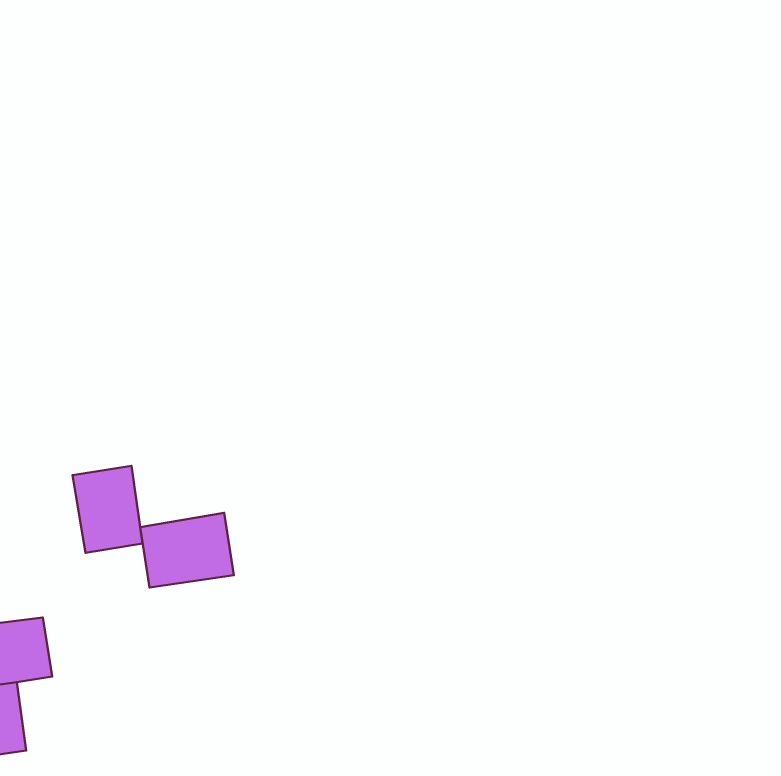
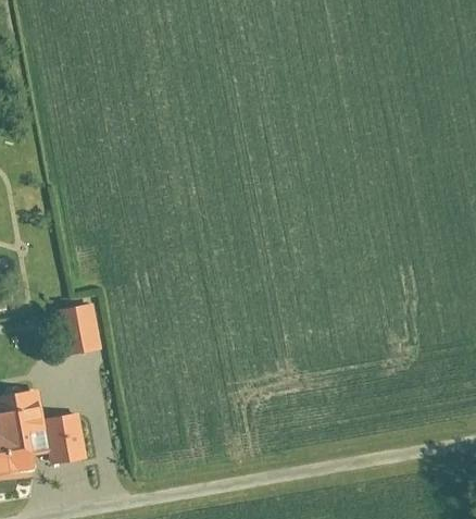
building: [140,513,234,588] -> none
building: none -> [43,415,85,464]

